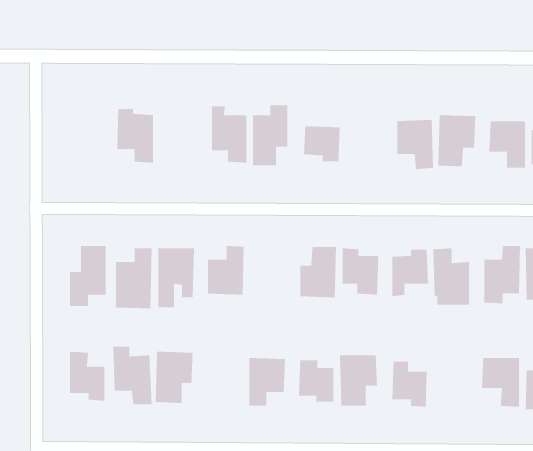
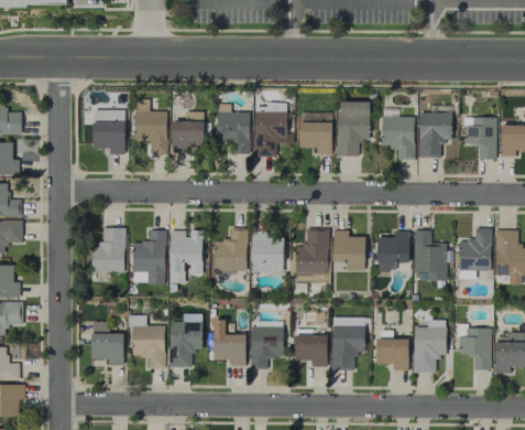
building: none -> [336,100,370,155]
building: none -> [91,109,124,154]
building: none -> [171,110,204,152]
building: none -> [251,229,284,271]
building: none -> [212,319,245,366]
building: none -> [412,319,445,372]

